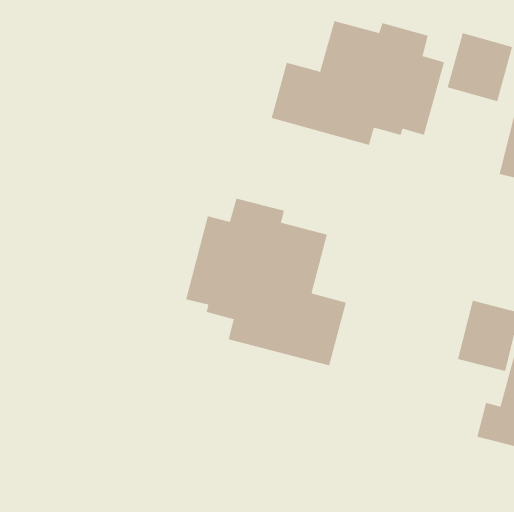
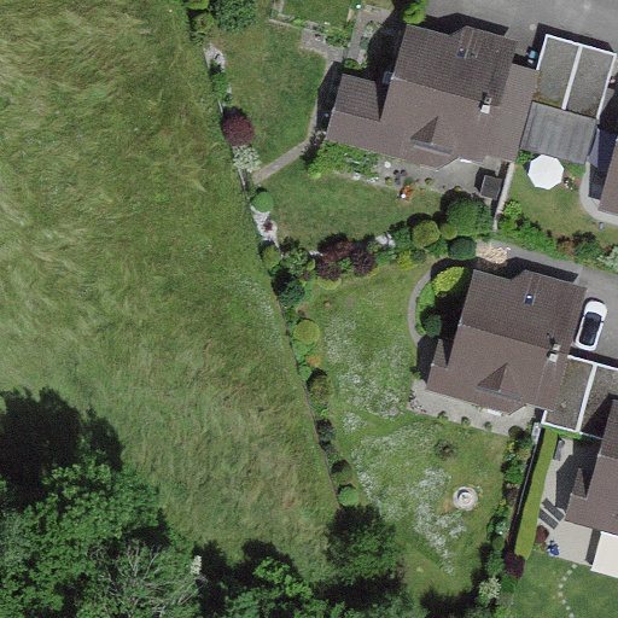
building: [186,198,347,366] -> none
building: none -> [425,272,583,409]

